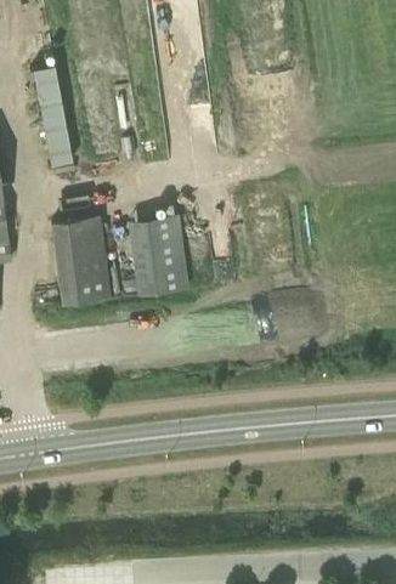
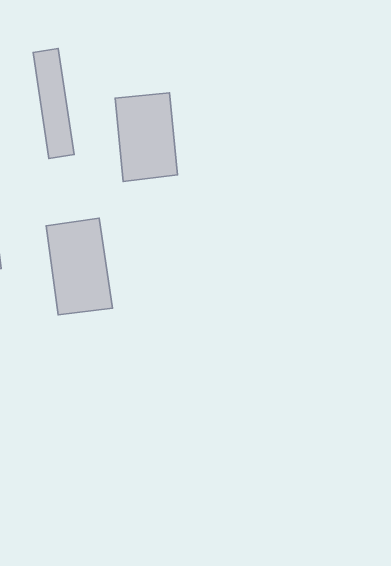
building: [132,210,189,291] -> [115,93,177,181]

